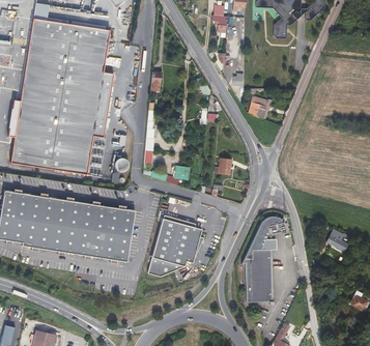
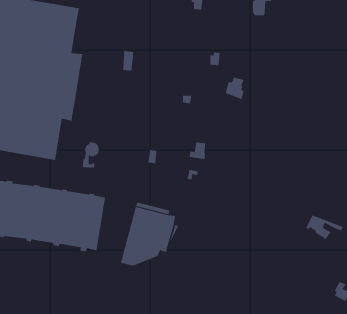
building: [243,215,283,300] -> none

